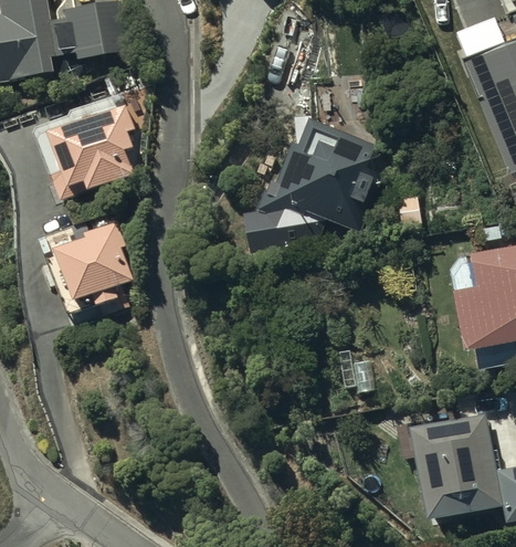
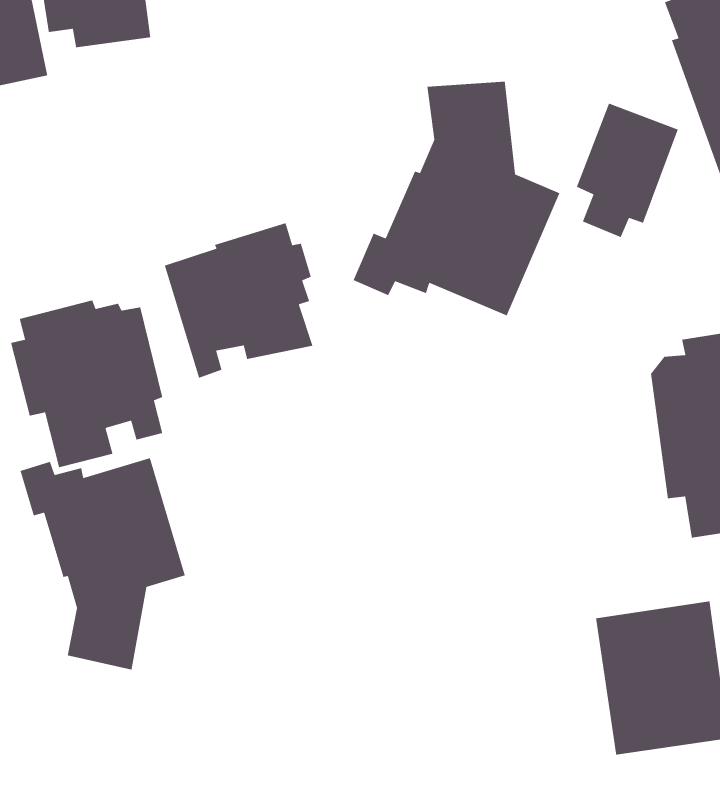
building: none -> [576,102,679,238]
building: [41,95,137,196] -> [164,222,314,379]
building: none -> [19,457,186,670]

